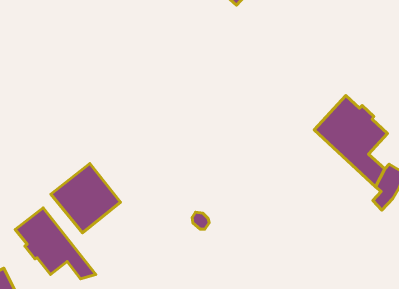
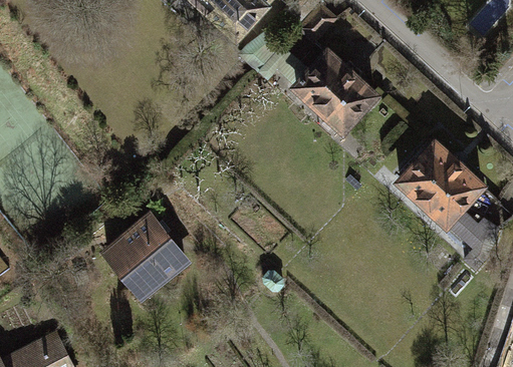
building: none -> [258,46,374,129]
building: [15,208,96,279] -> none

